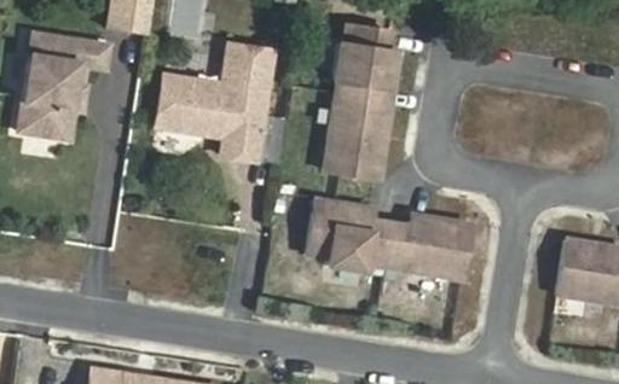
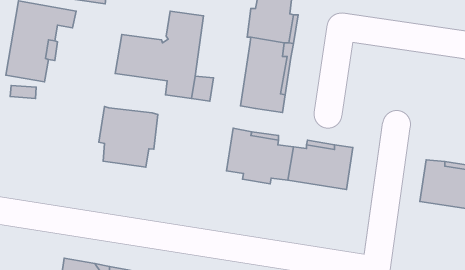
building: none -> [99,107,158,167]

